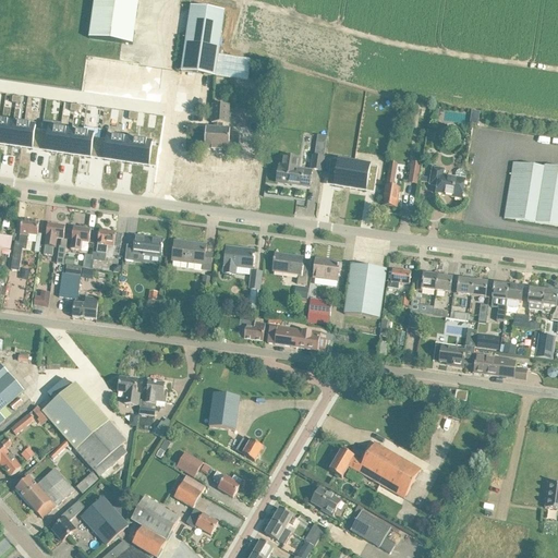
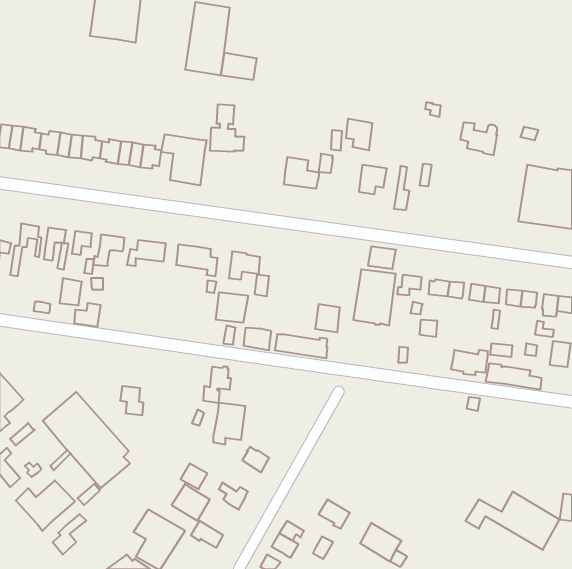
building: none -> [161,134,207,185]
building: [326,156,352,186] -> [346,119,373,150]
building: [428,165,464,196] -> [460,122,497,155]
building: [272,251,307,281] -> none
building: [312,256,339,278] -> [368,246,396,269]
building: none -> [216,292,248,323]
building: [138,378,166,413] -> [203,367,231,403]
building: [328,439,420,496] -> [465,492,560,550]
building: [80,494,128,543] -> none

